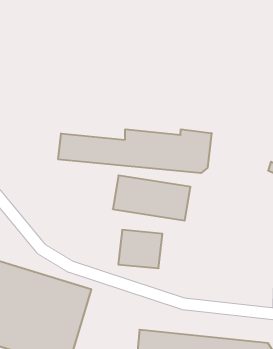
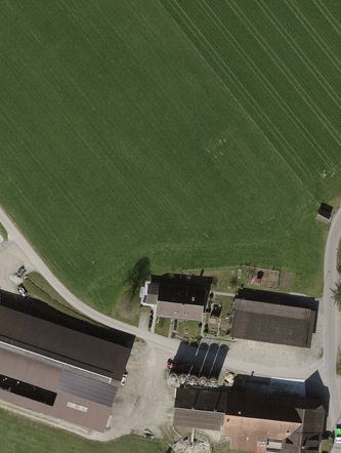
building: [58,129,212,173] -> none
building: [113,175,191,221] -> [229,299,312,347]

